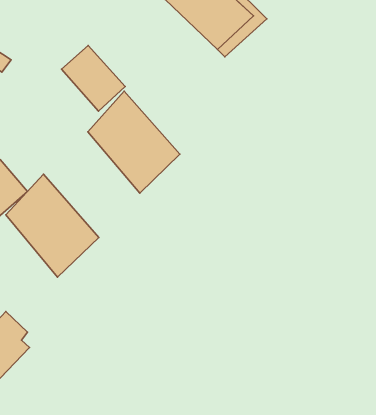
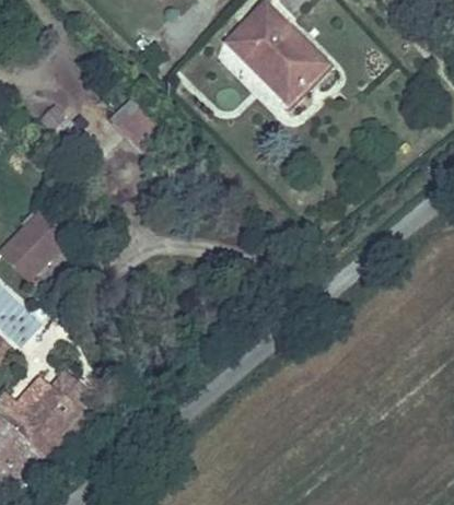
building: [88,91,180,193] -> none
building: [6,174,99,277] -> none

